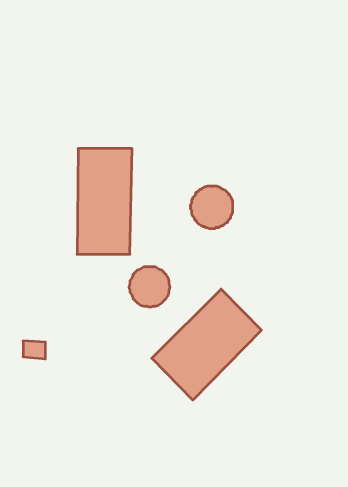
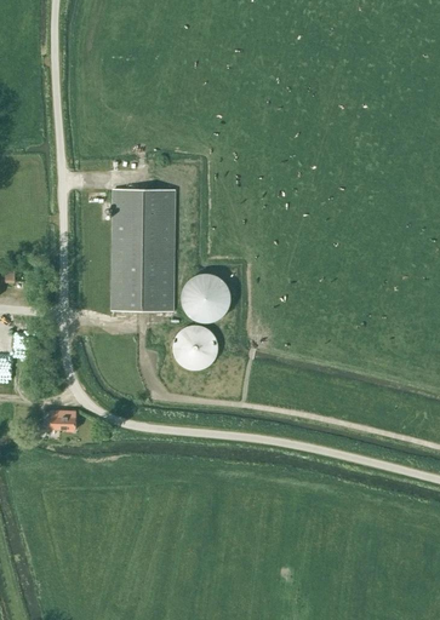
building: [190,186,233,229] -> [181,274,229,322]
building: [152,289,261,400] -> none

